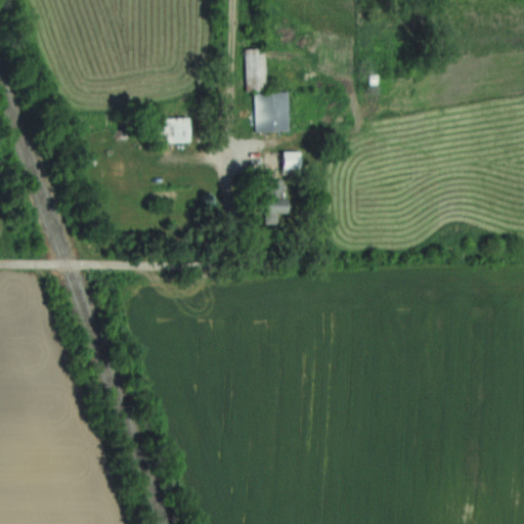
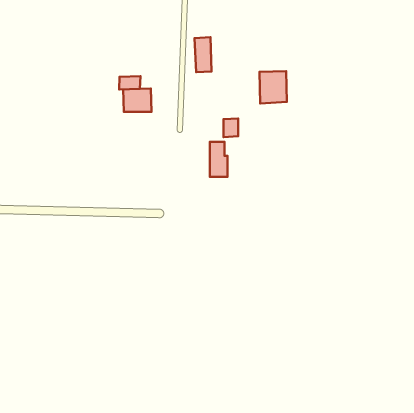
building: [255,93,290,134] -> [259,71,287,104]
building: none -> [119,76,141,89]

